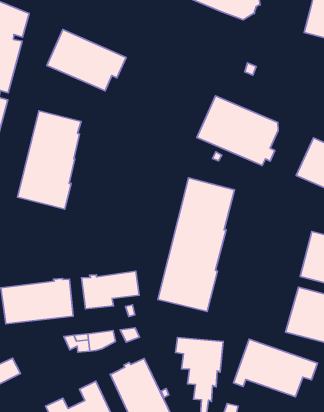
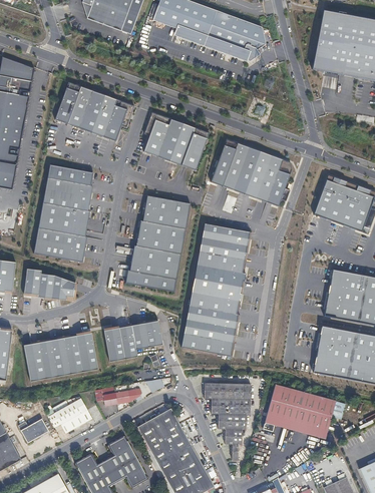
building: none -> [143,112,210,169]
building: none -> [125,194,191,292]
building: none -> [23,269,74,301]
building: none -> [47,398,91,434]

